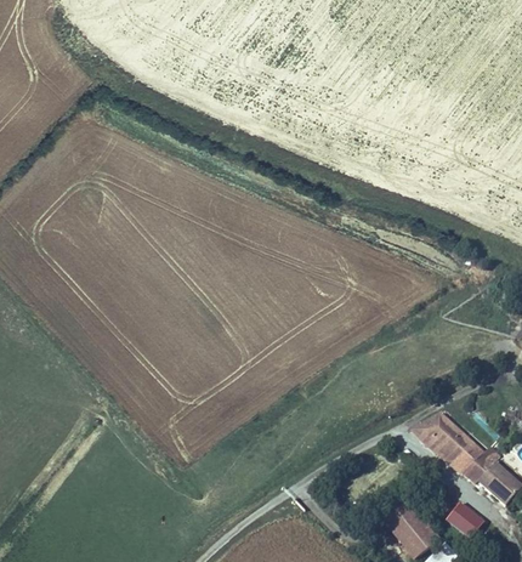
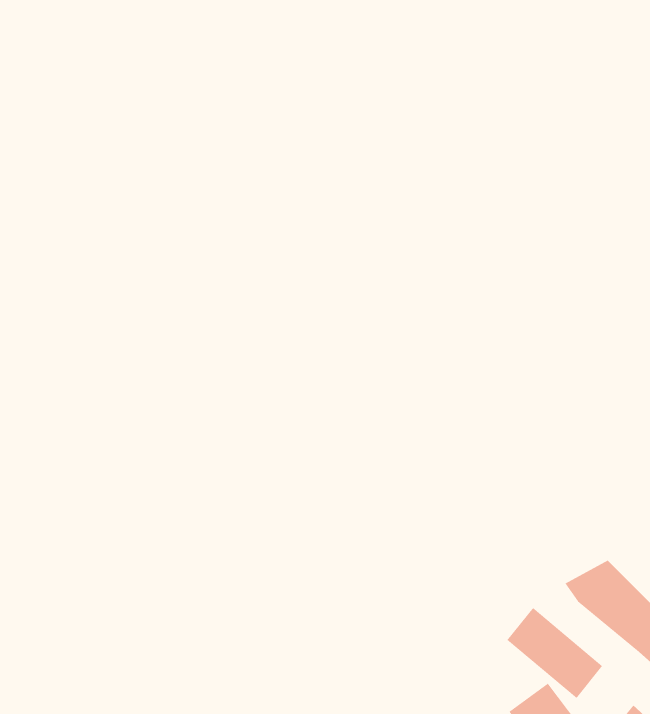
building: none -> [507,607,603,699]

